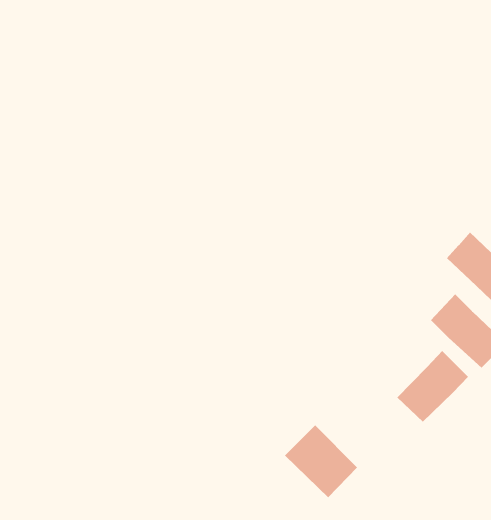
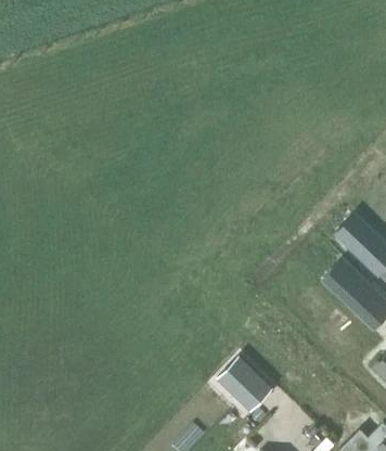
building: [396,350,469,422] -> none

